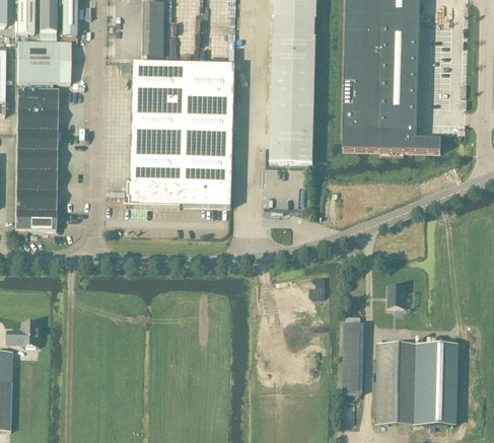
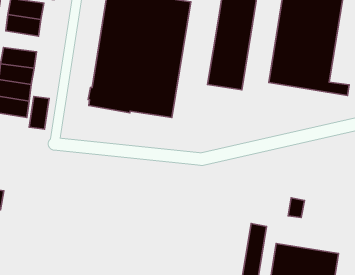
building: [16,128,57,148] -> none
building: none -> [29,96,49,129]

